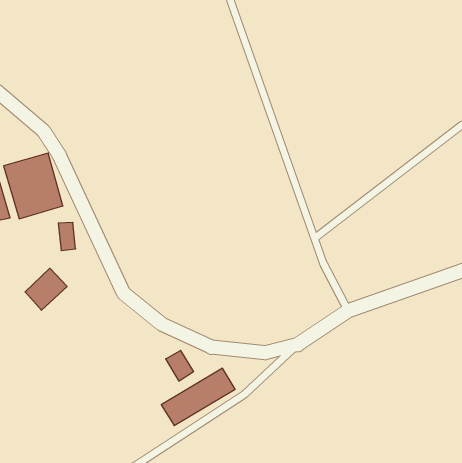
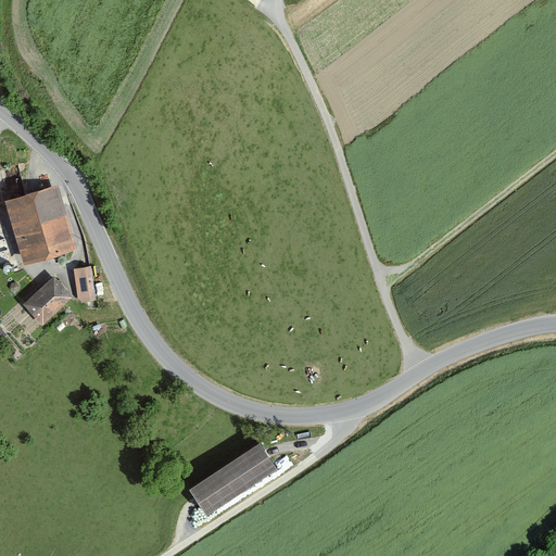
building: [25,268,67,310] -> [20,276,70,326]
building: [166,350,193,381] -> none

